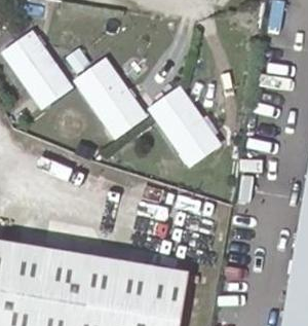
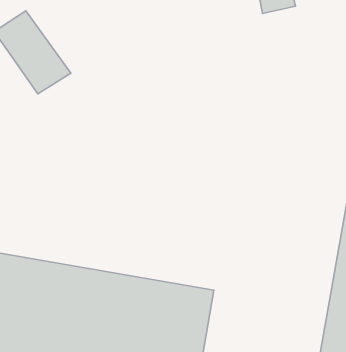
building: [81,65,141,134] -> none
building: [154,92,219,162] -> none

